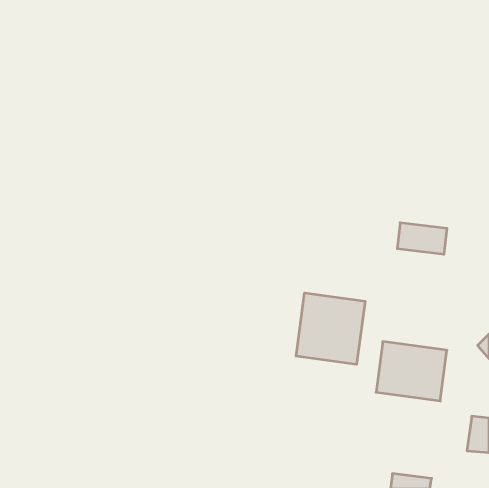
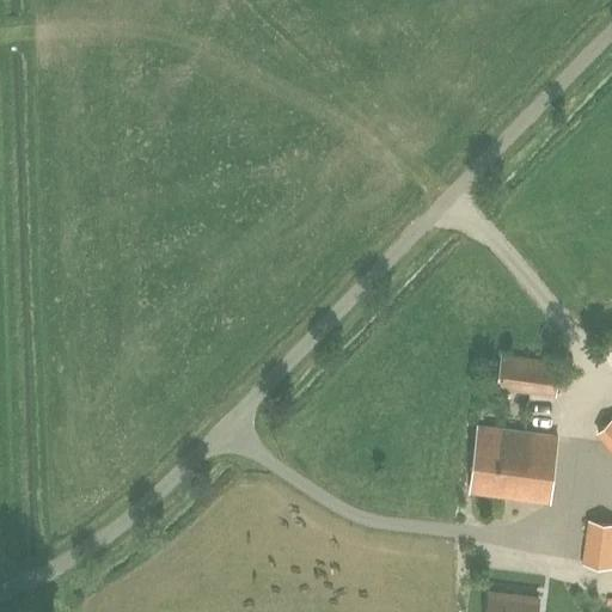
building: [397,223,447,254] -> [497,356,559,396]
building: [296,293,365,364] -> none

